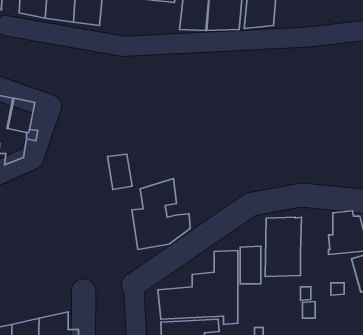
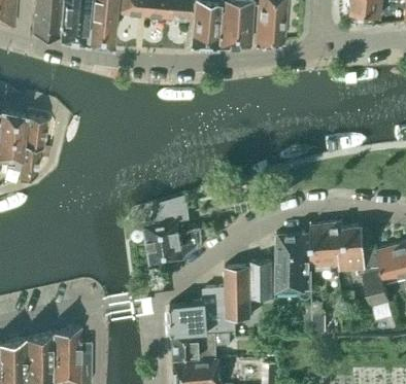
building: [107,154,132,189] -> none
building: none -> [310,222,342,268]

